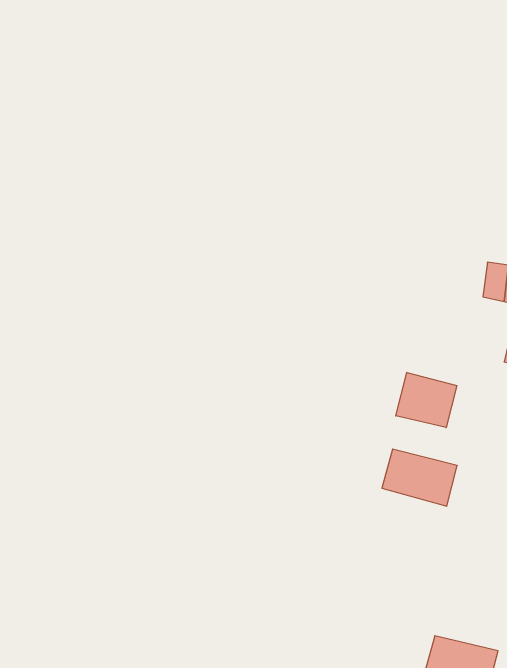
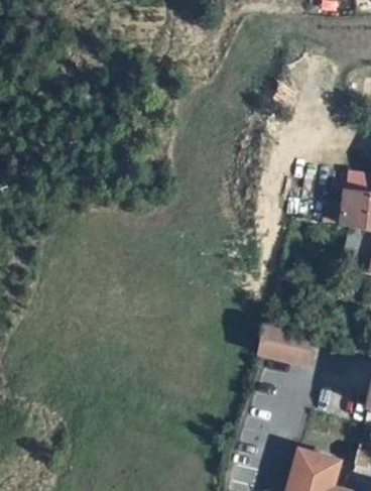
building: [396,372,457,428] -> none

